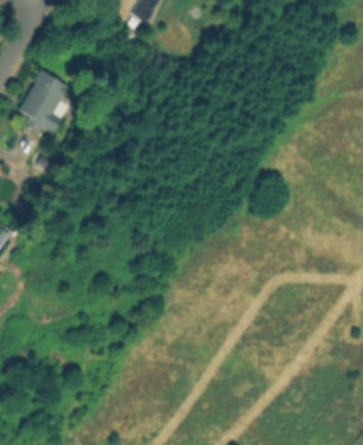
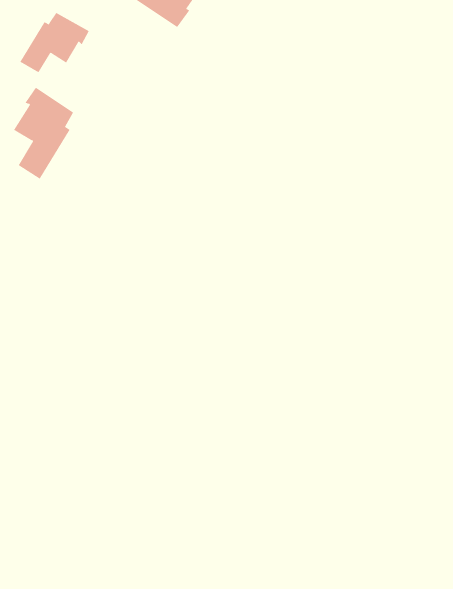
building: none -> [19,12,89,73]

